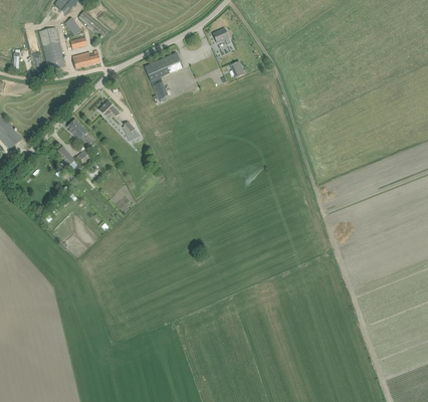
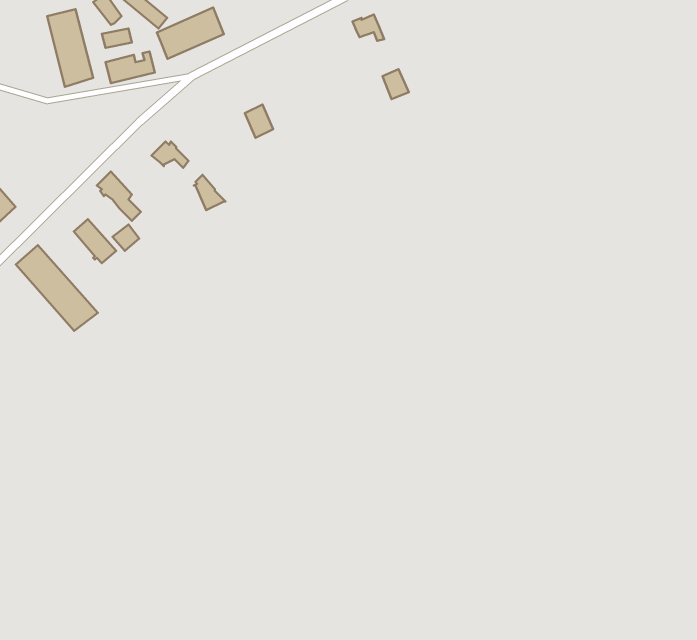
building: [145,52,183,81] -> [157,8,224,59]
building: none -> [16,245,98,331]

